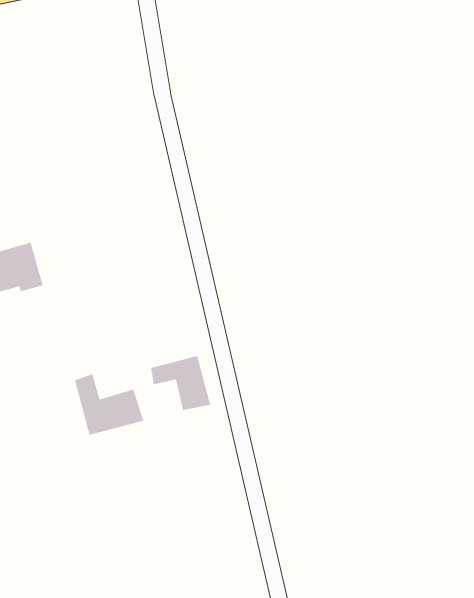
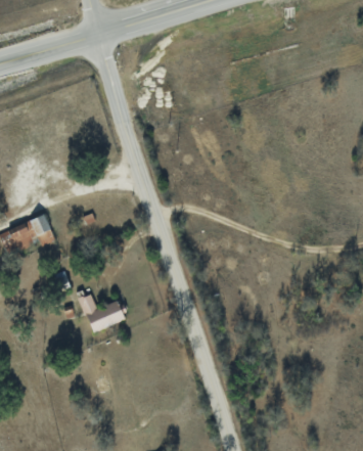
building: [150,355,211,411] -> none

